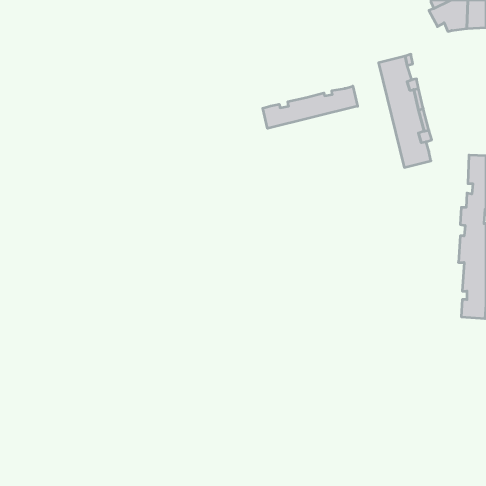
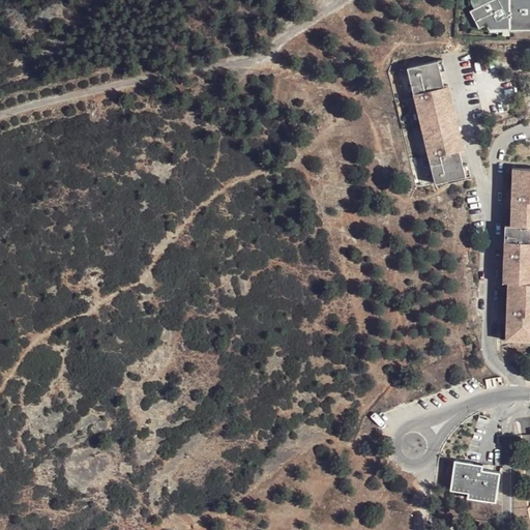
building: [263,86,358,128] -> none
building: none -> [449,459,499,501]

